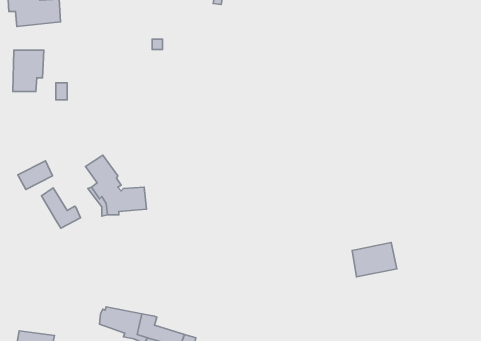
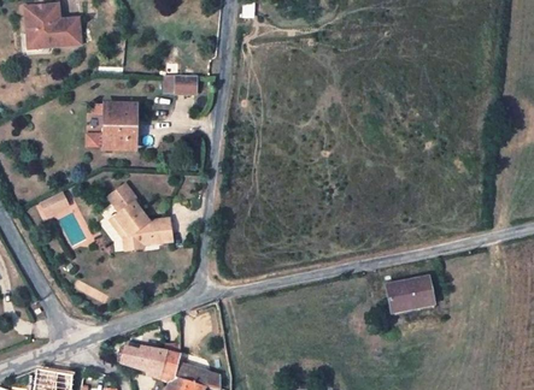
building: [13,50,44,91] -> [102,105,135,148]
building: none -> [163,76,195,94]
building: [41,188,81,228] -> none

